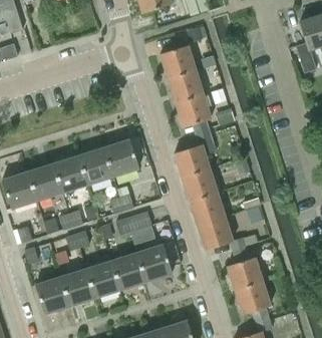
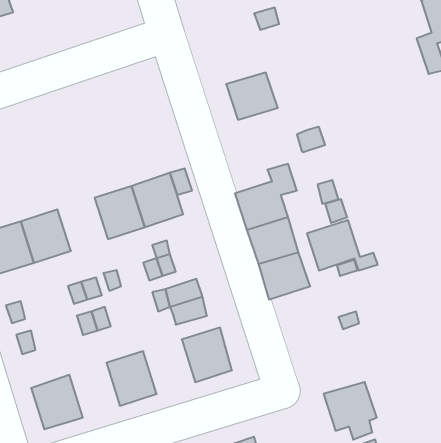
building: [160,45,195,78] -> none
building: [176,94,210,131] -> none
building: [53,155,87,192] -> none
building: [197,216,245,250] -> [307,220,378,270]
building: [227,251,262,289] -> none
building: [111,252,146,289] -> none
building: [61,268,95,305] -> none

